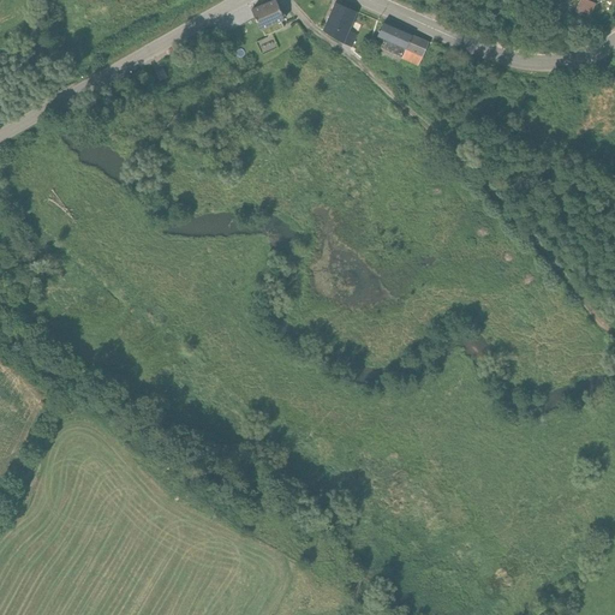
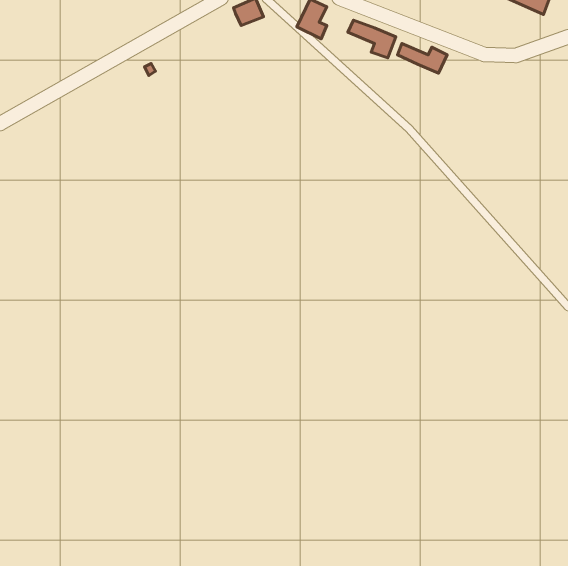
building: none -> [397,44,447,73]

